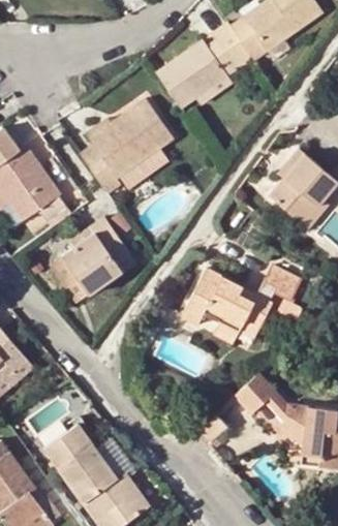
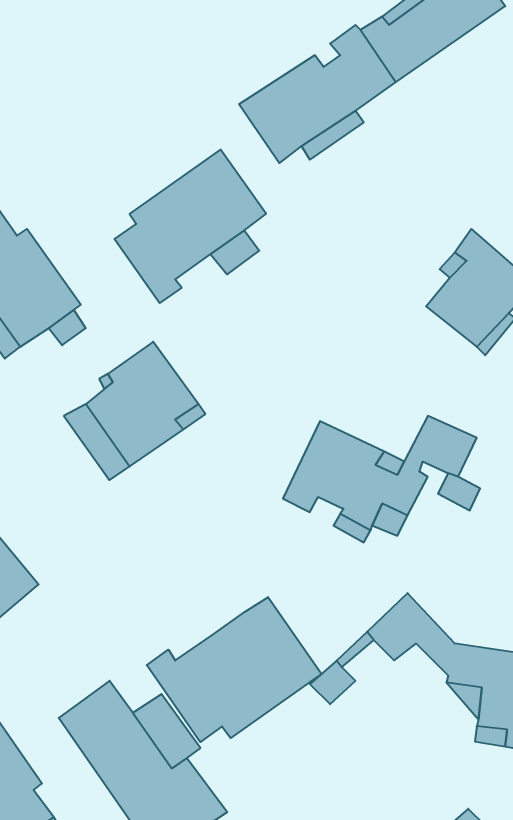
building: none -> [147,597,322,742]

